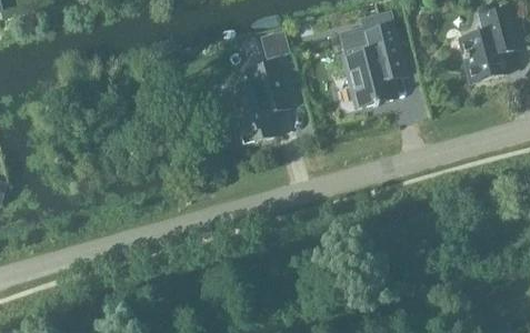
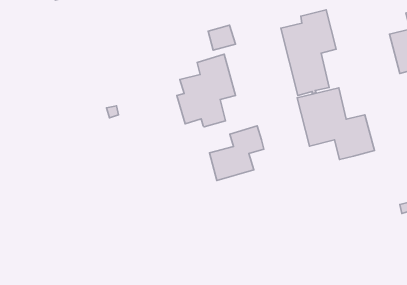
building: none -> [297,88,375,160]
building: none -> [210,126,264,180]

